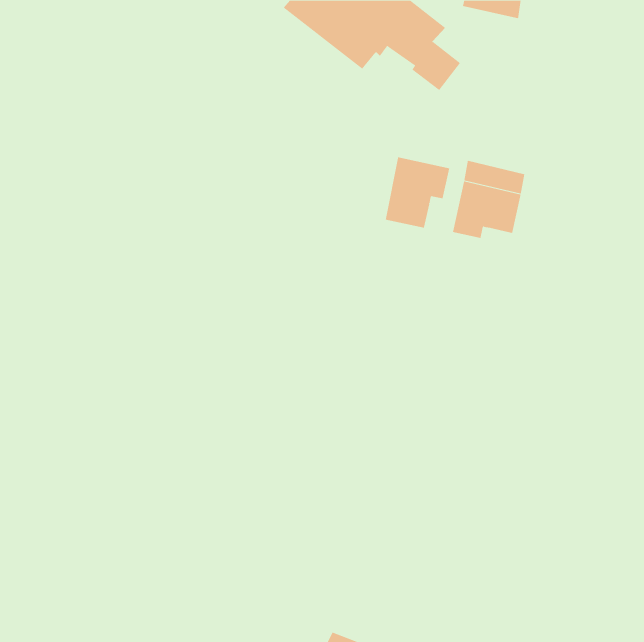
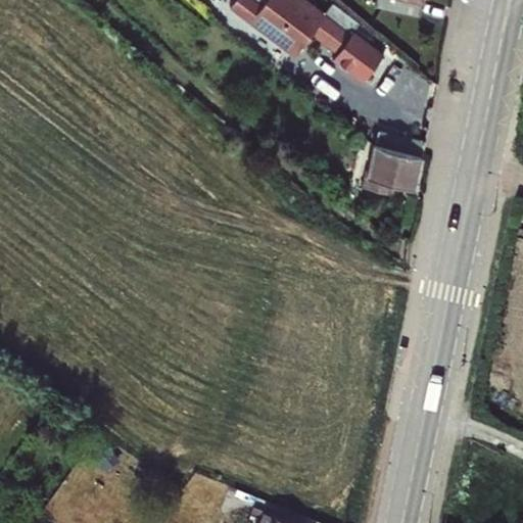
building: [385,156,450,228] -> none

